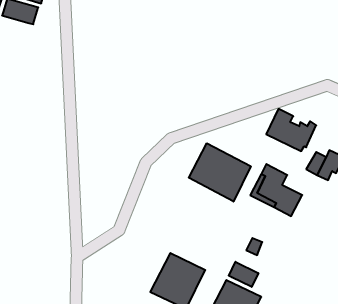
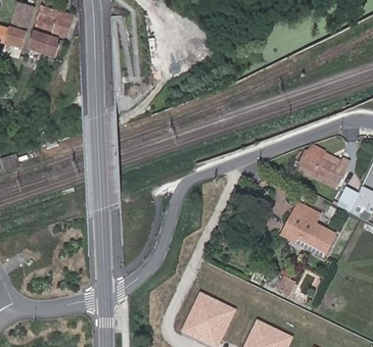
building: [189,143,251,202] -> none
building: [229,262,258,287] -> none

